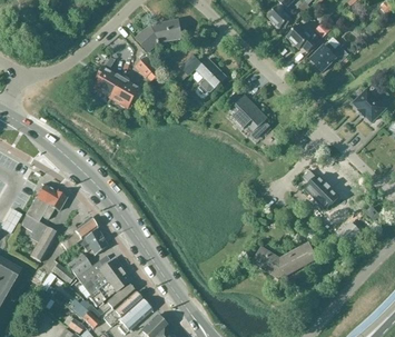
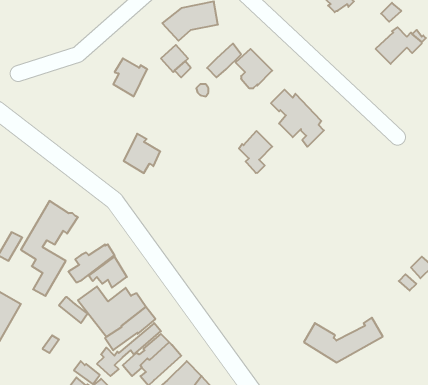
building: [287,23,319,52] -> none
building: [112,76,142,108] -> [124,134,160,173]
building: none -> [239,131,272,173]
building: [305,176,338,208] -> none
building: [253,242,317,279] -> [304,318,383,362]

